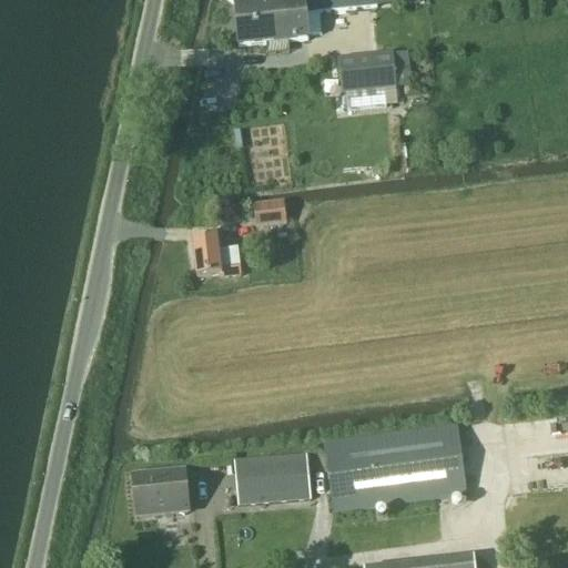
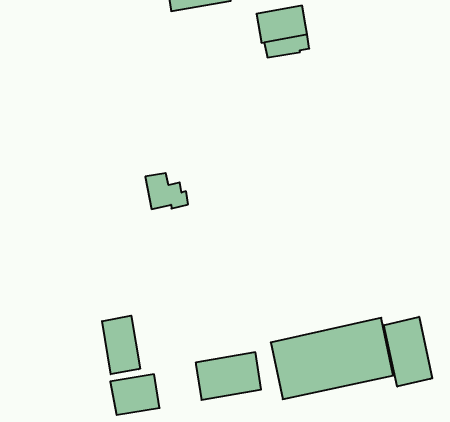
building: [254,197,295,224] -> none
building: none -> [102,316,140,374]
building: none -> [384,317,432,387]

